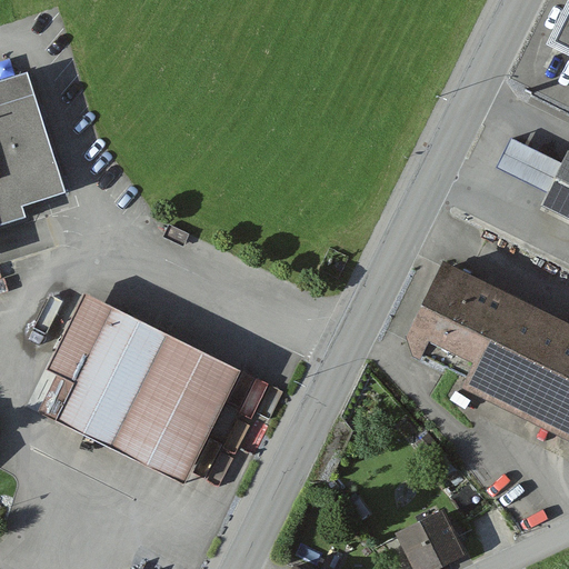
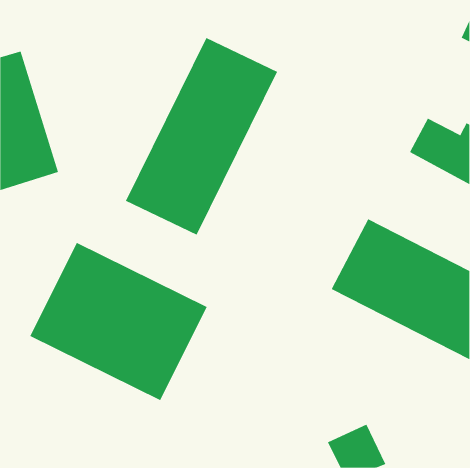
building: none -> [125,37,278,236]

